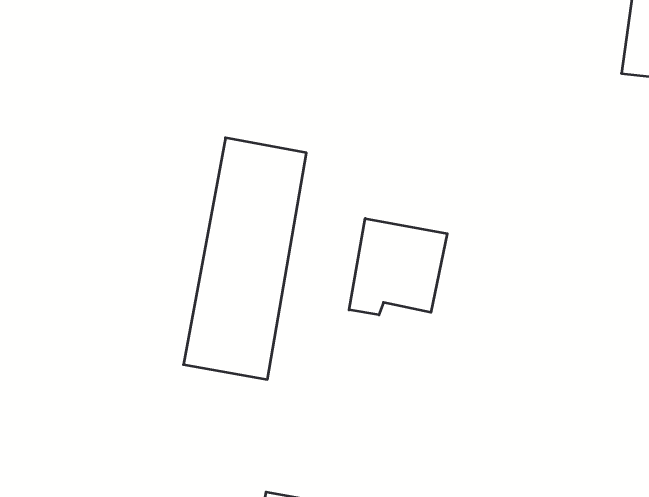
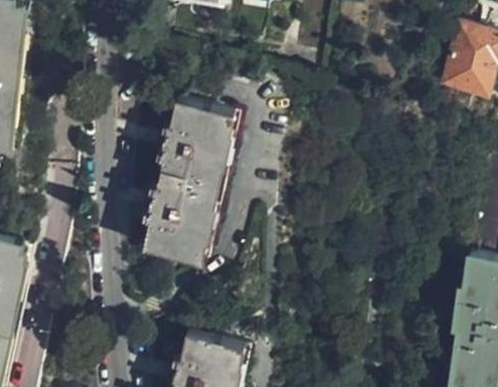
building: [349,218,447,315] -> none

